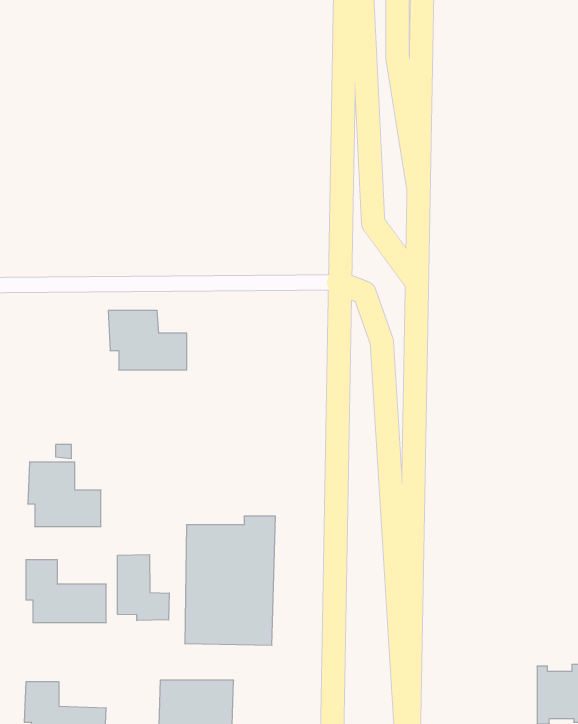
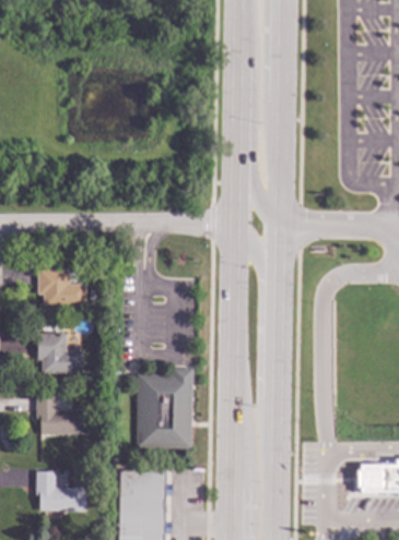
building: [108,311,187,370] -> [37,269,86,307]
building: [118,555,169,621] -> none

